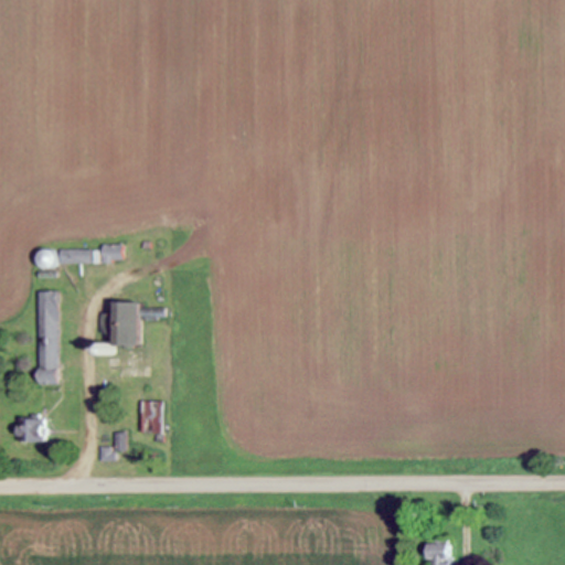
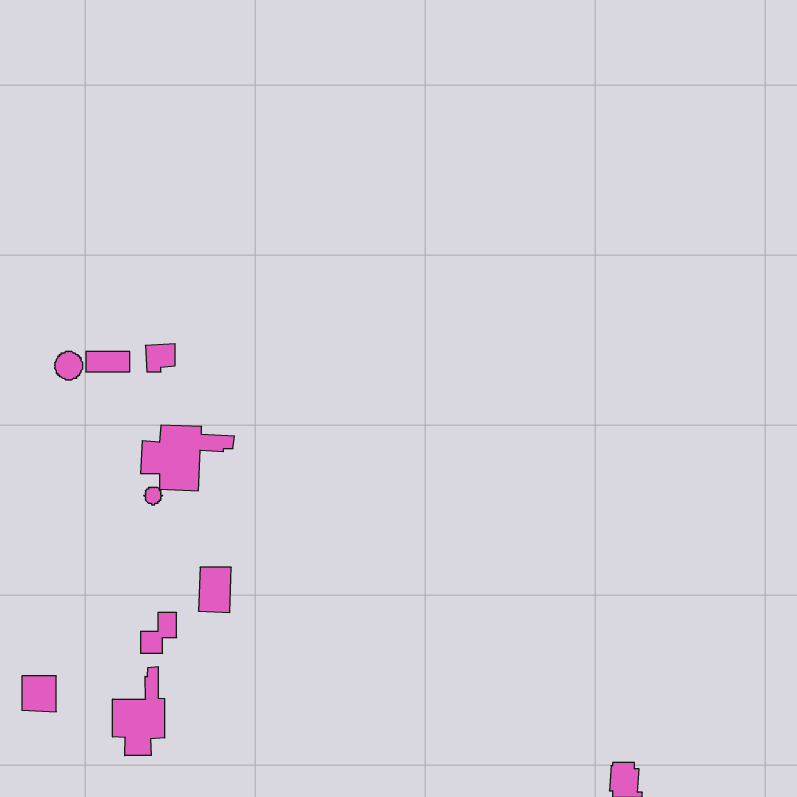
building: [39,291,58,382] -> none
building: [21,417,45,443] -> [22,676,56,712]
building: none -> [113,667,165,756]

